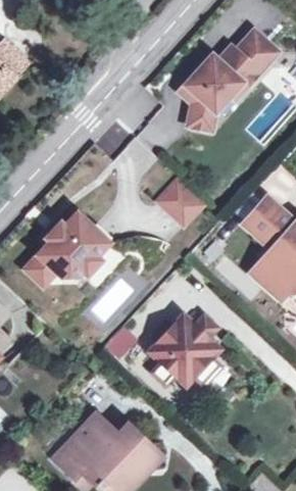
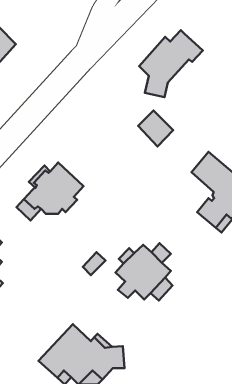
building: [235,30,277,71] -> none
building: [159,180,203,225] -> [138,110,173,146]

